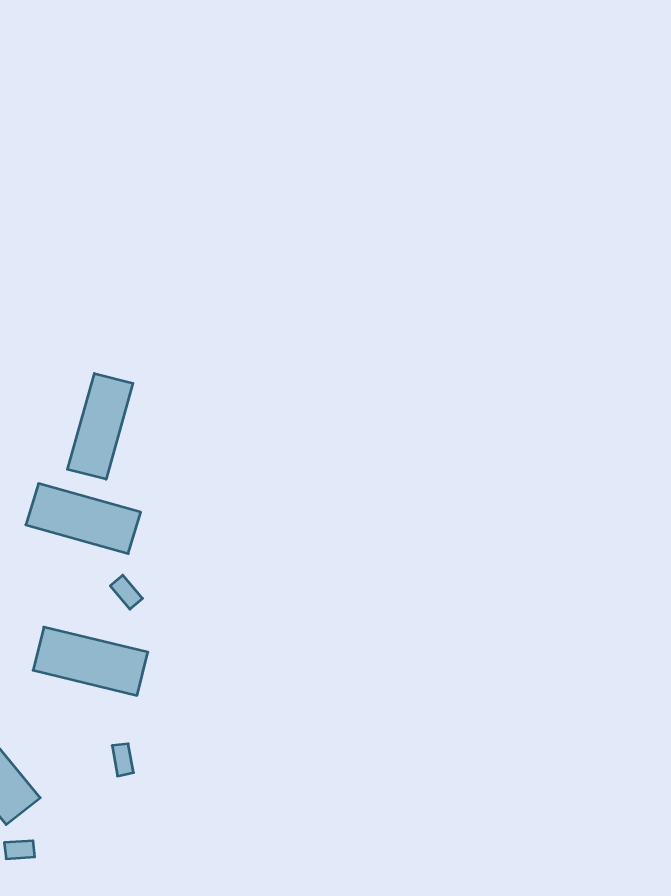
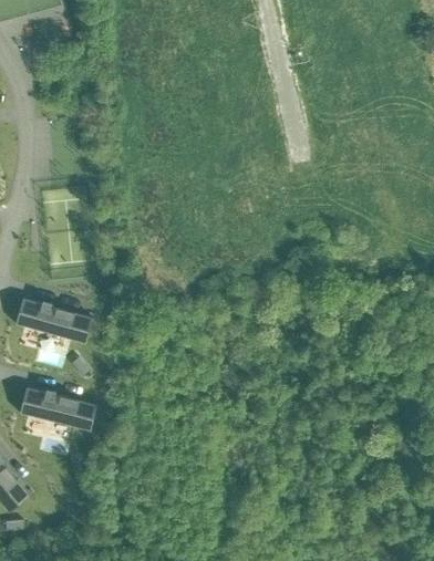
building: [67,373,133,479] -> none

